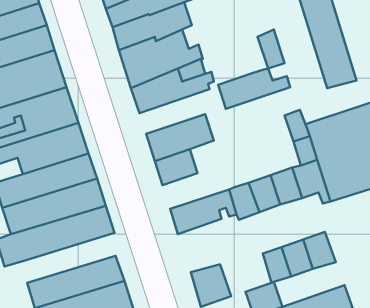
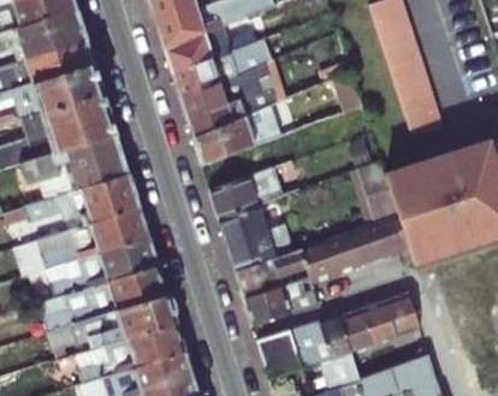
building: [218,69,290,109] -> [226,225,306,270]
building: none -> [243,279,318,325]
building: none -> [76,296,174,351]
building: none -> [290,319,346,366]

